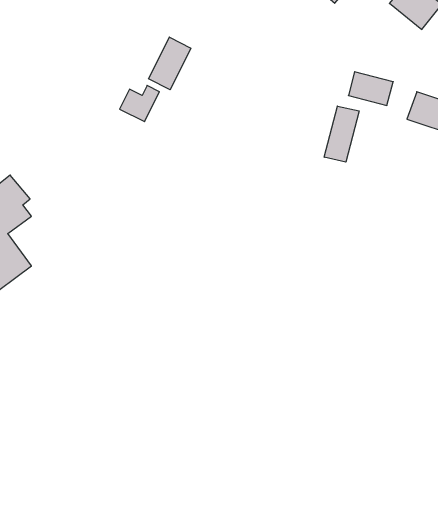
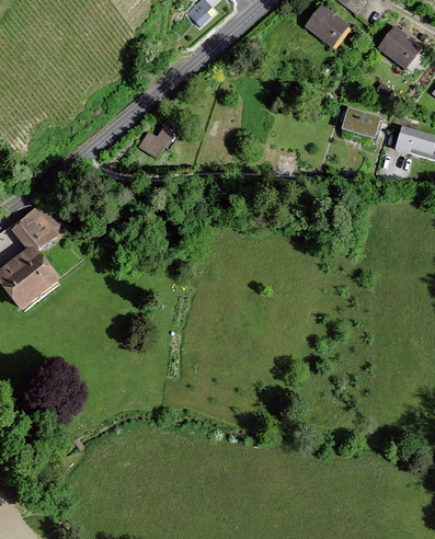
building: [149,37,191,90] -> none
building: [324,106,359,162] -> none

